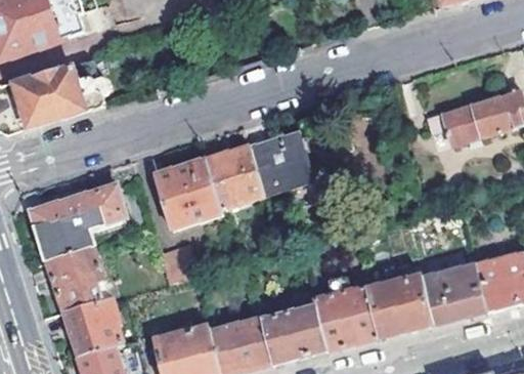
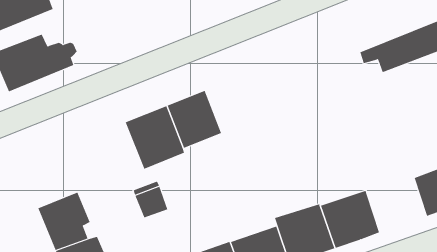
building: [249,130,311,194] -> none
building: [32,182,126,259] -> none
building: [421,264,485,323] -> none

